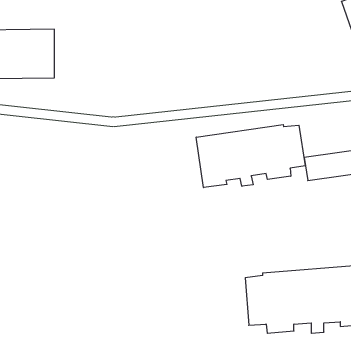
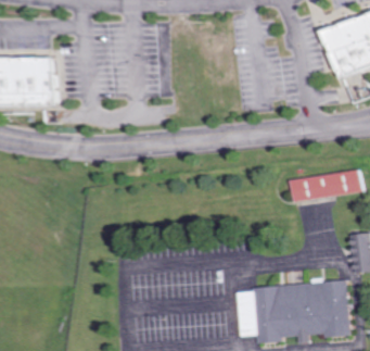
building: [196,125,305,188] -> none

